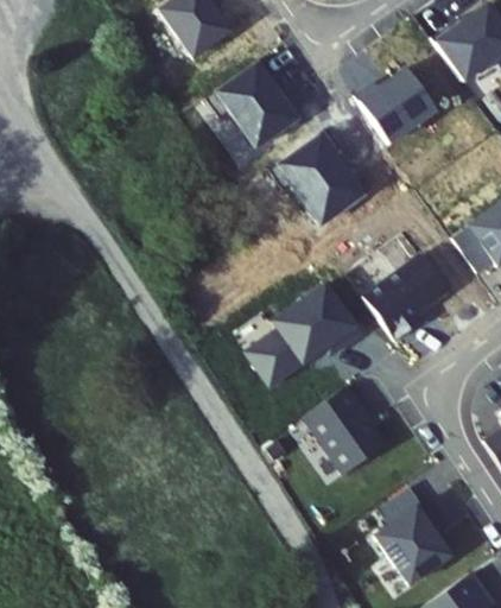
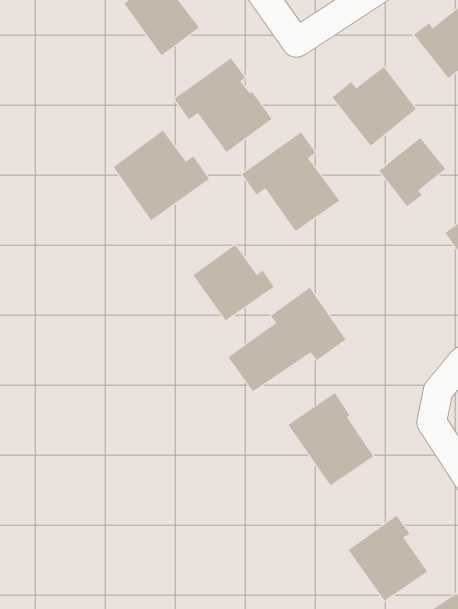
building: none -> [113,130,210,221]
building: none -> [378,137,446,207]
building: none -> [192,244,274,321]

